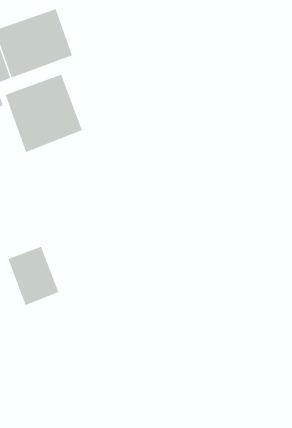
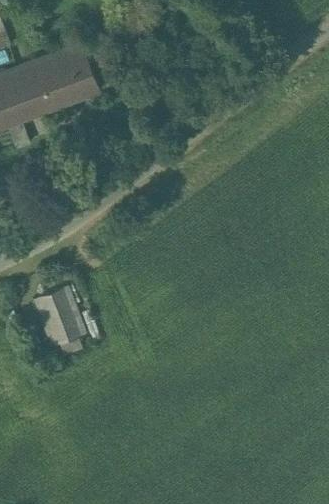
building: [5,74,83,153] -> none

